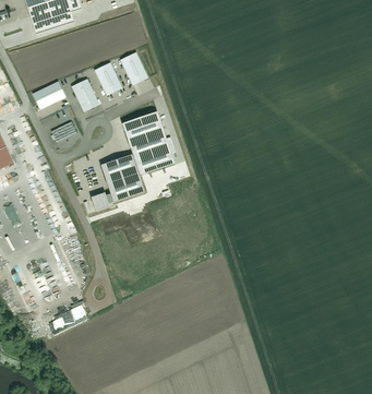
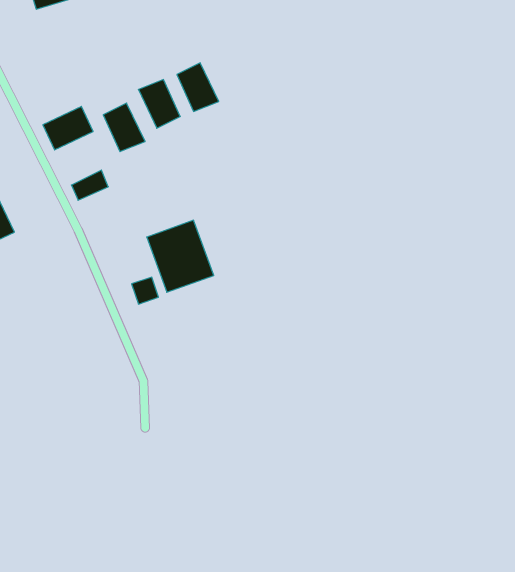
building: [122,112,173,175] -> none

